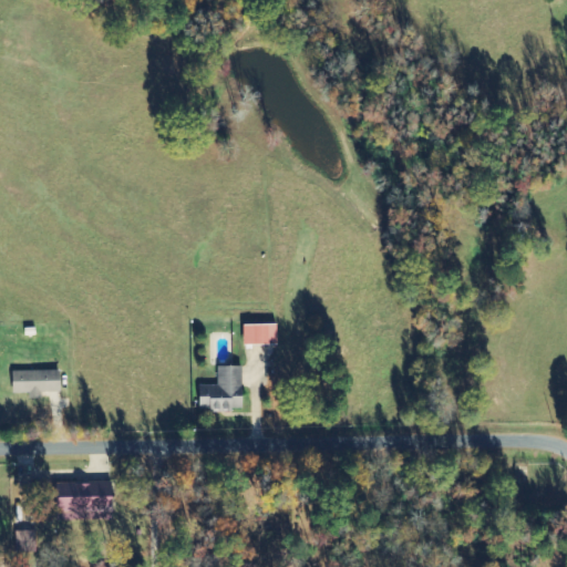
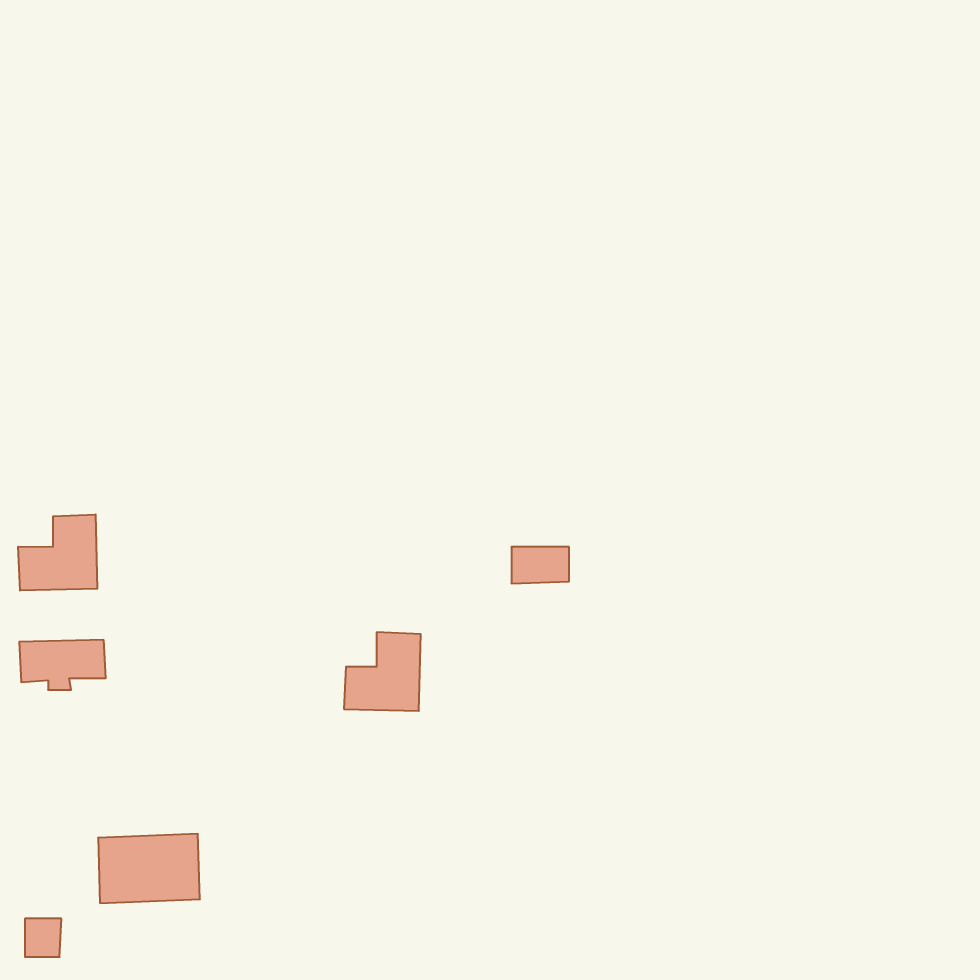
building: none -> [18,514,97,591]
building: [244,323,277,344] -> [511,547,569,583]

